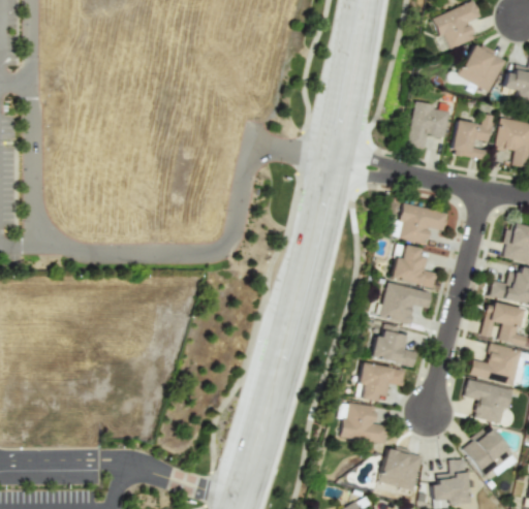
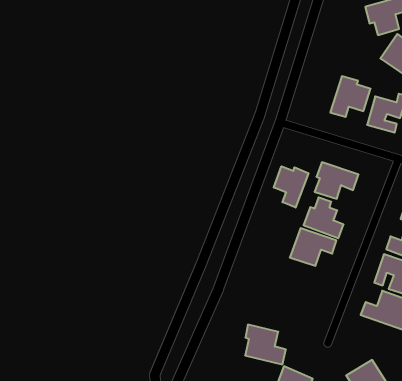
building: none -> [274,166,308,208]
building: [373,329,417,367] -> none
building: [360,362,406,402] -> none
building: [465,380,512,423] -> none

